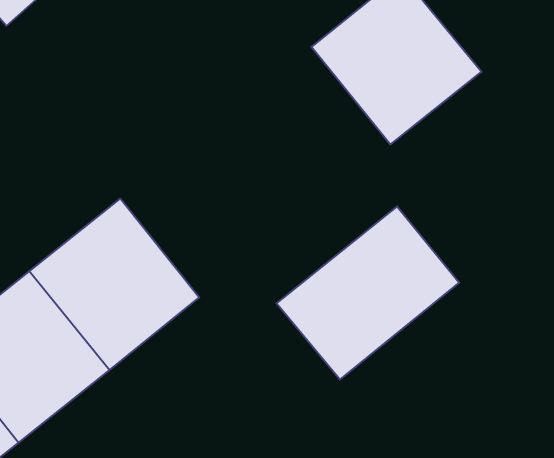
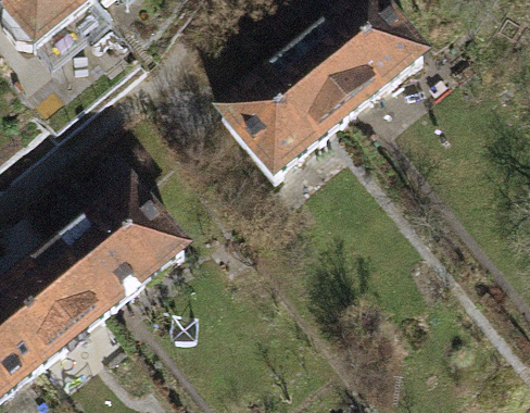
building: none -> [209,46,349,186]
building: [276,206,459,380] -> none

